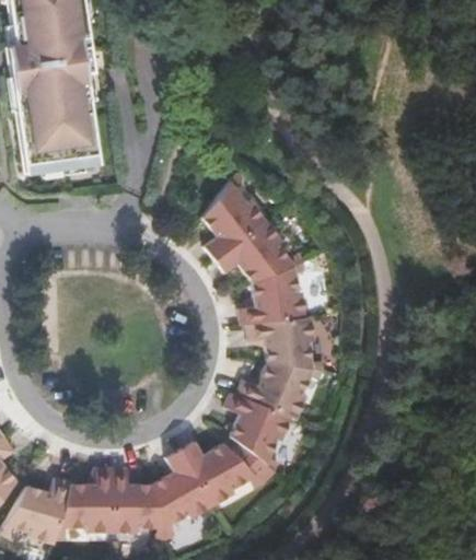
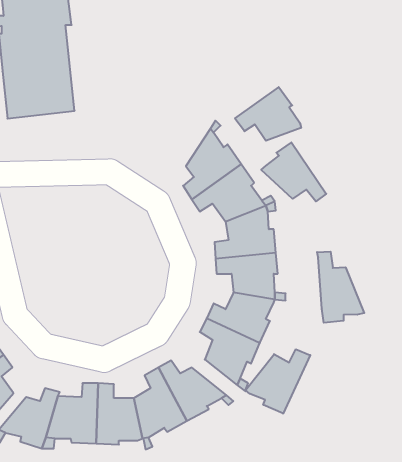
building: none -> [235,87,301,141]
building: none -> [261,142,326,201]
building: none -> [317,252,364,323]
building: none -> [246,349,310,414]

